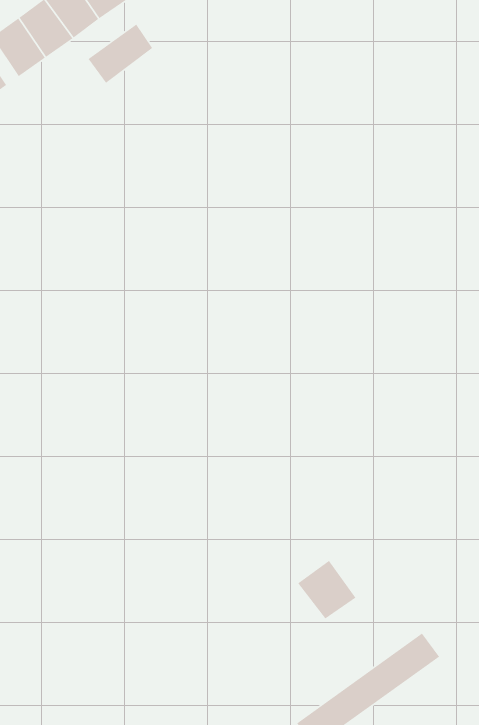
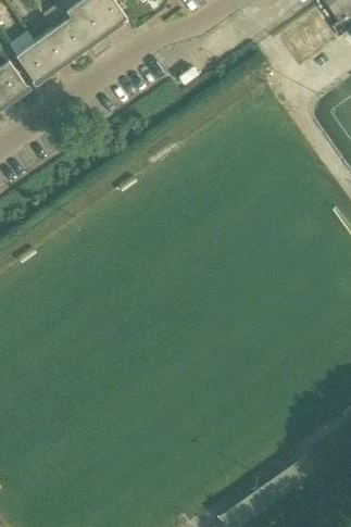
building: [88,24,153,84] -> none
building: [297,560,357,620] -> none

